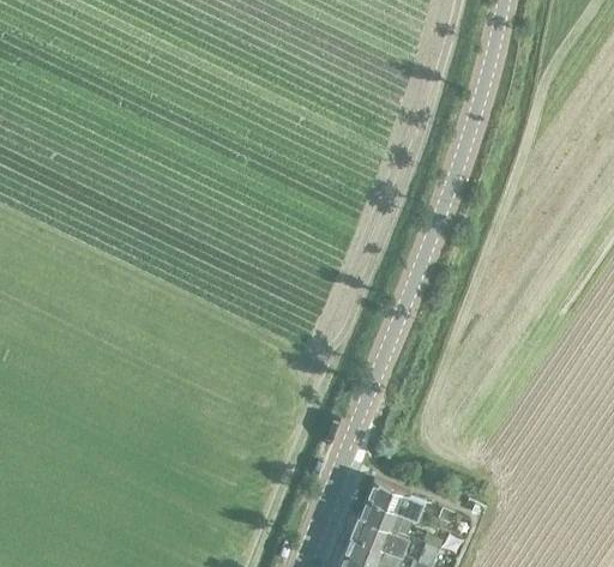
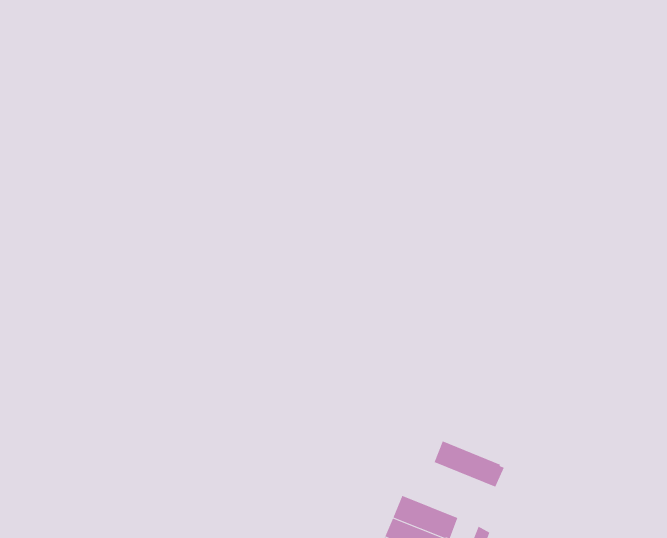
building: none -> [434,441,504,488]

